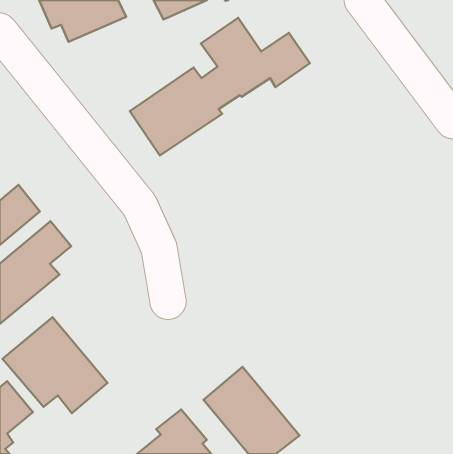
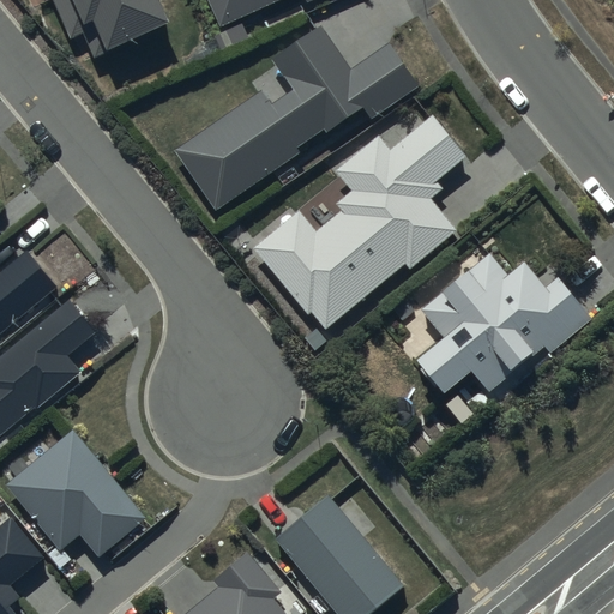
building: none -> [252,114,468,330]
building: none -> [417,254,592,395]

